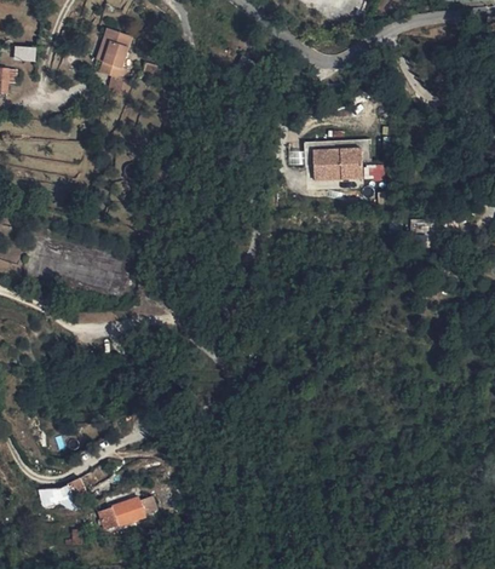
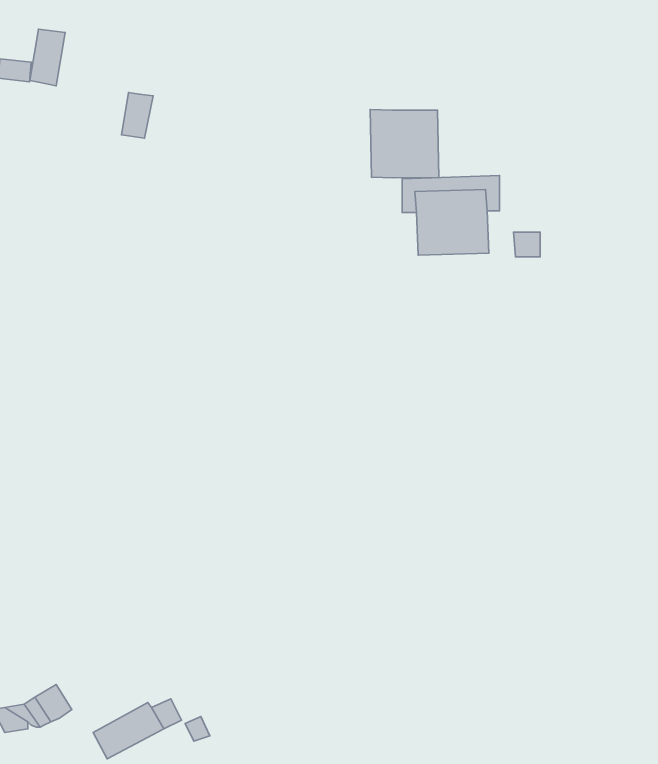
building: [100,29,125,68] -> [30,29,65,86]
building: none -> [370,110,439,178]

